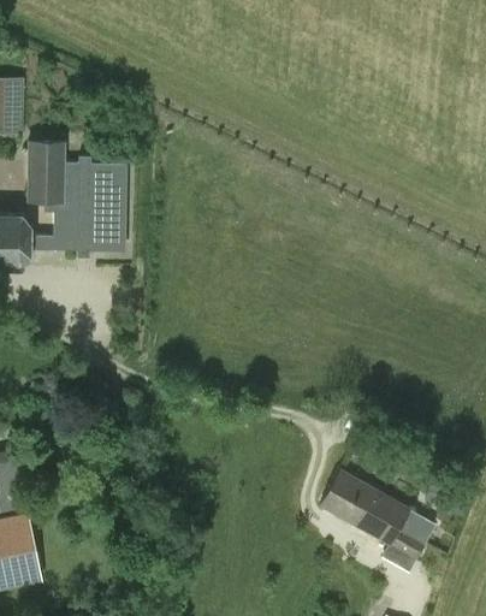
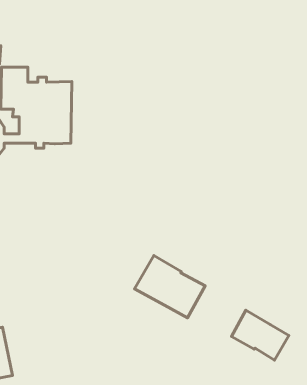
building: none -> [134,256,205,318]
building: [316,469,374,526] -> none

